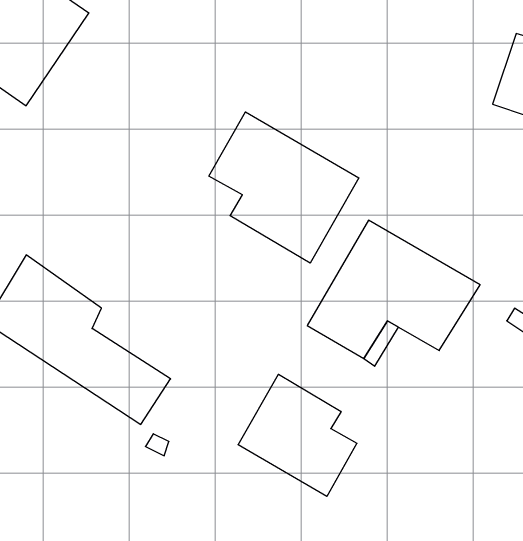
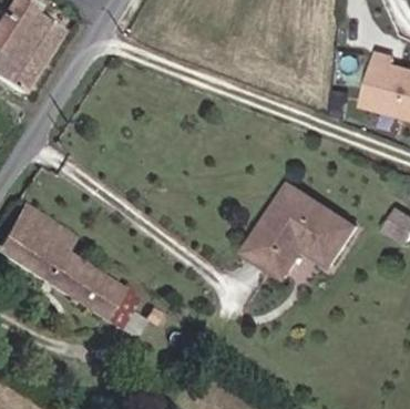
building: [209,112,359,263] -> none
building: [238,374,357,496] -> none

